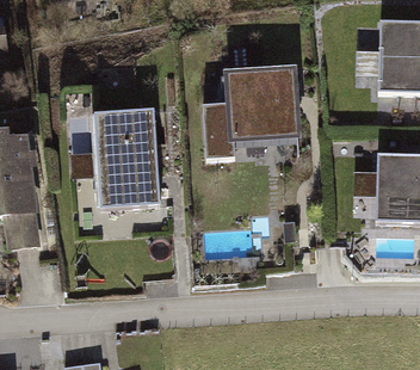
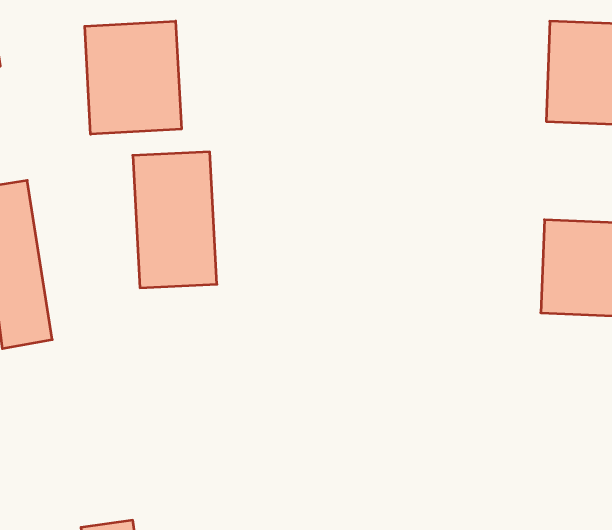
building: none -> [85,21,181,134]
building: [204,70,297,159] -> none

